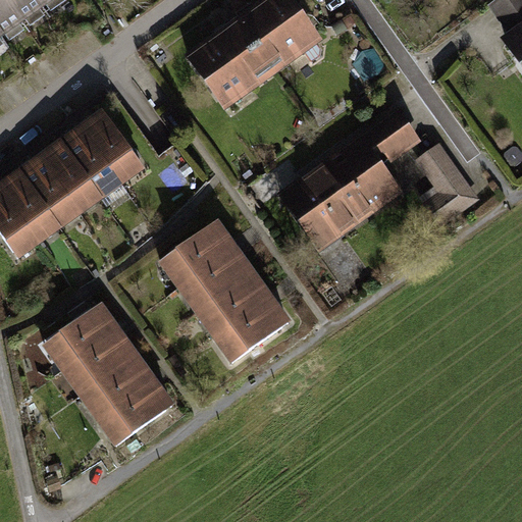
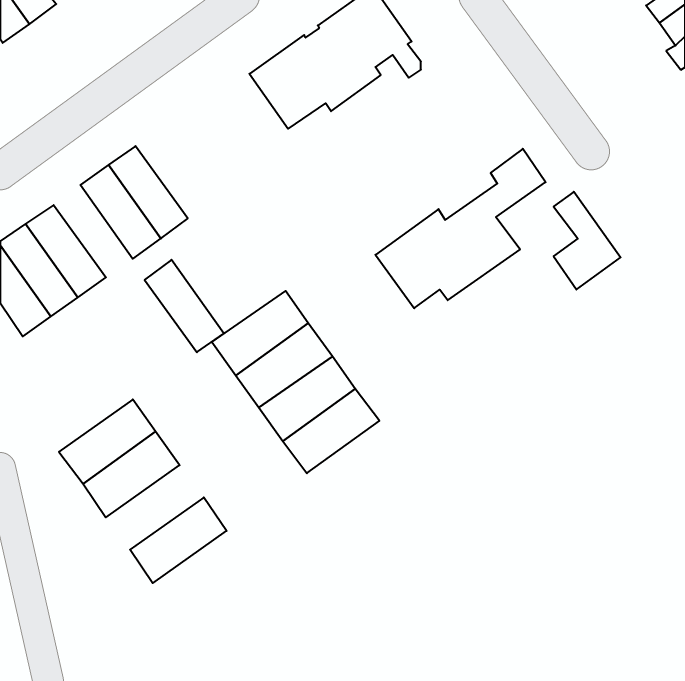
building: [41,141,101,211] -> [145,260,224,352]
building: [81,354,155,418] -> none

